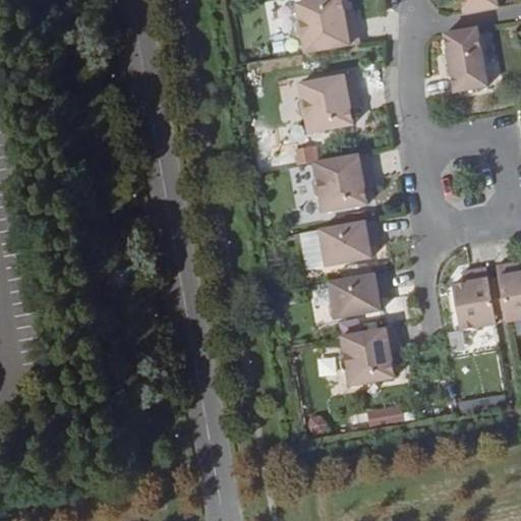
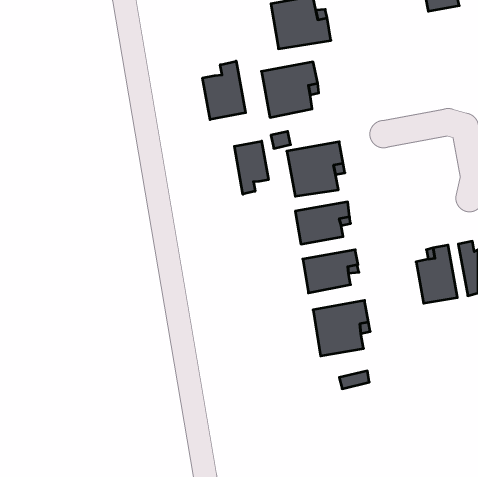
building: [446,27,489,92] -> none
building: none -> [203,61,246,120]
building: none -> [234,141,268,194]

